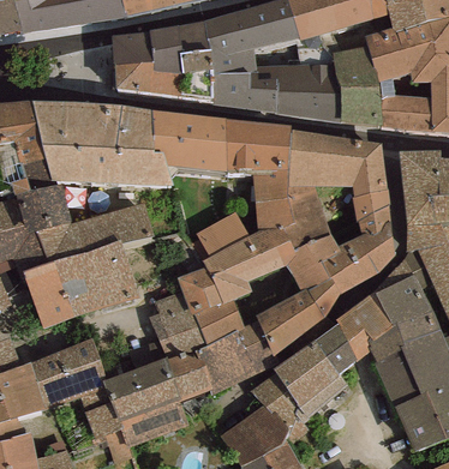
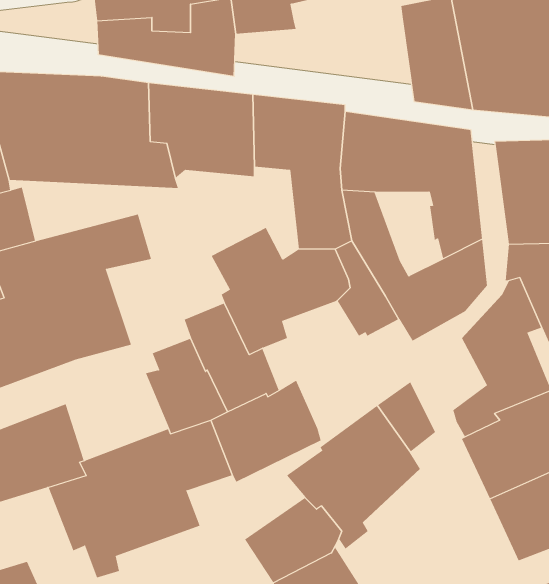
building: [212,64,341,122] -> none
building: [255,278,340,356] -> none
building: [336,291,393,359] -> none

